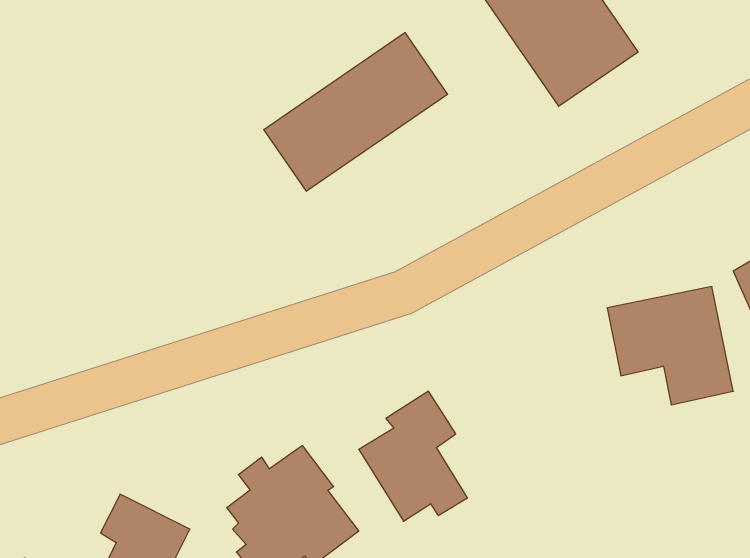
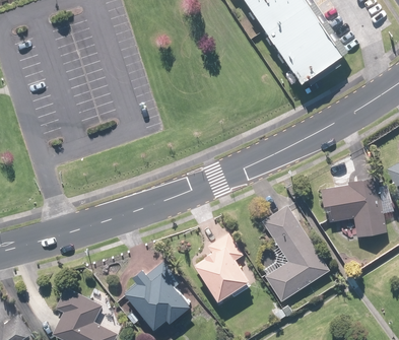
building: [264,33,448,191] -> none
building: none -> [261,204,330,300]

